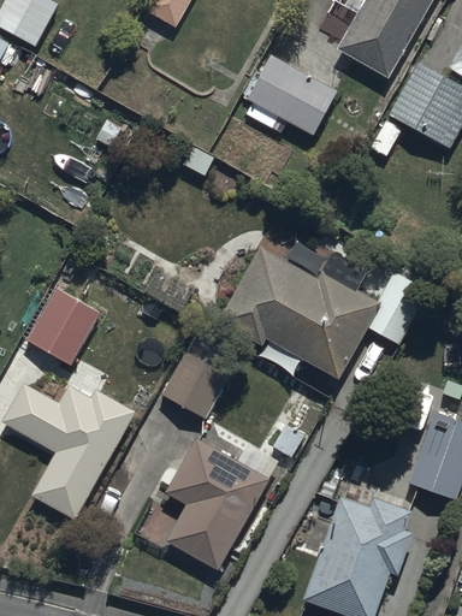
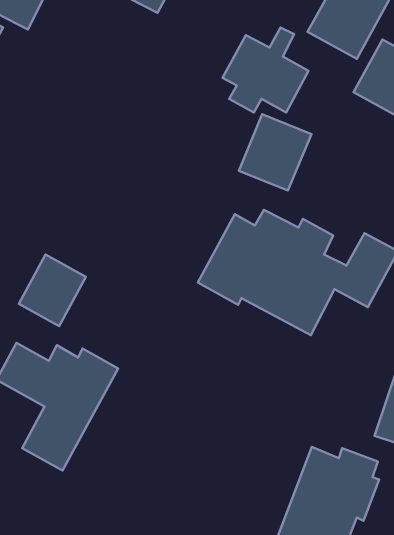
building: none -> [239,114,311,191]
building: [159,349,229,419] -> none
building: [165,437,268,569] -> none

